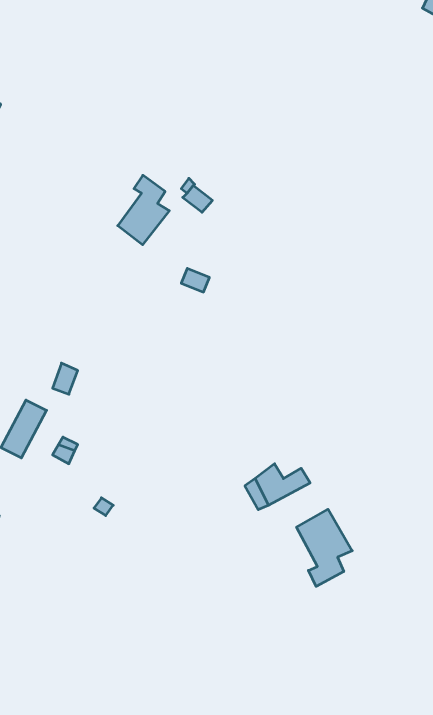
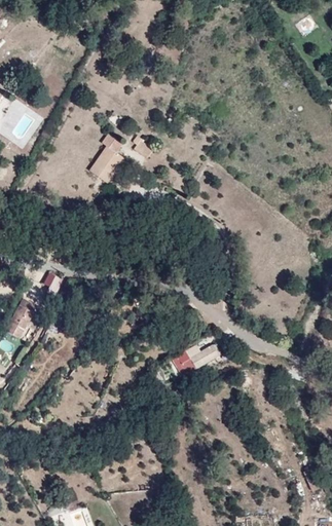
building: [297,509,352,586] -> none

